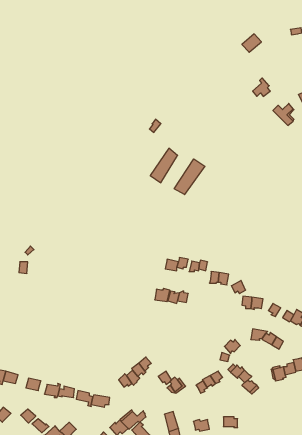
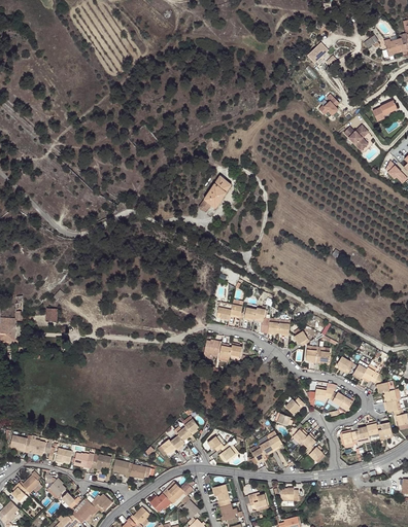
building: [174,159,205,195] -> none

